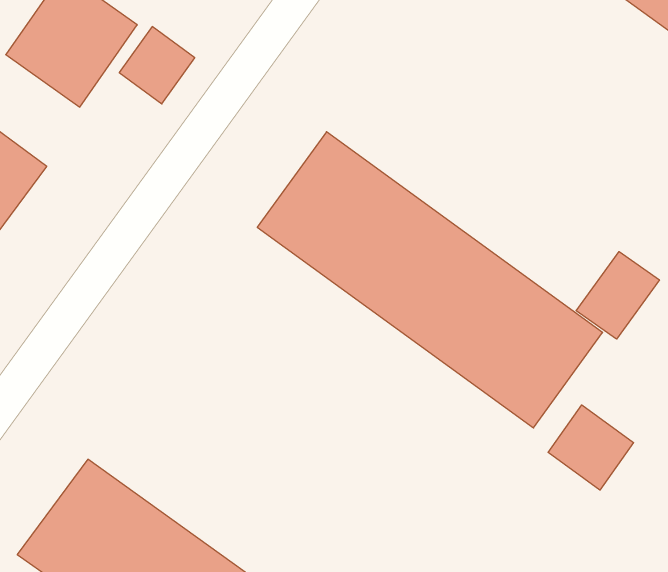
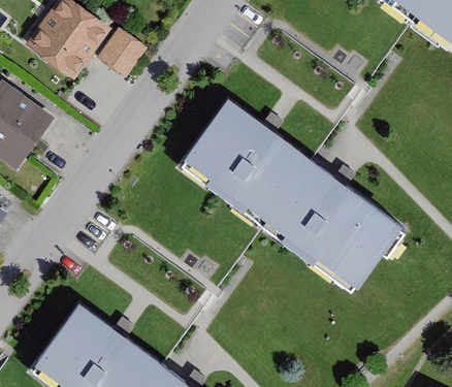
building: [576,252,659,339] -> none
building: [548,405,634,490] -> none

